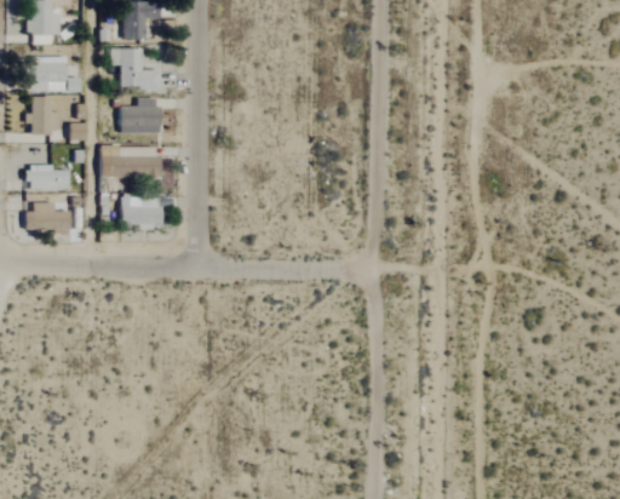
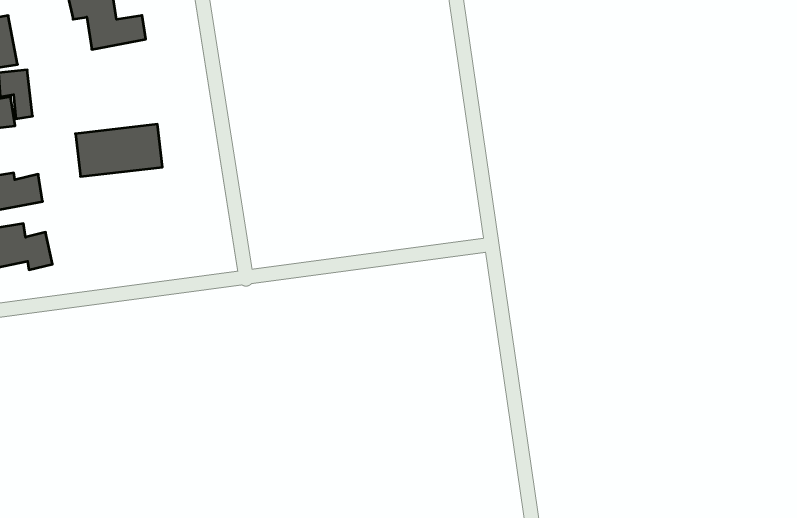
building: [120,98,160,133] -> none
building: [121,196,161,225] -> none

